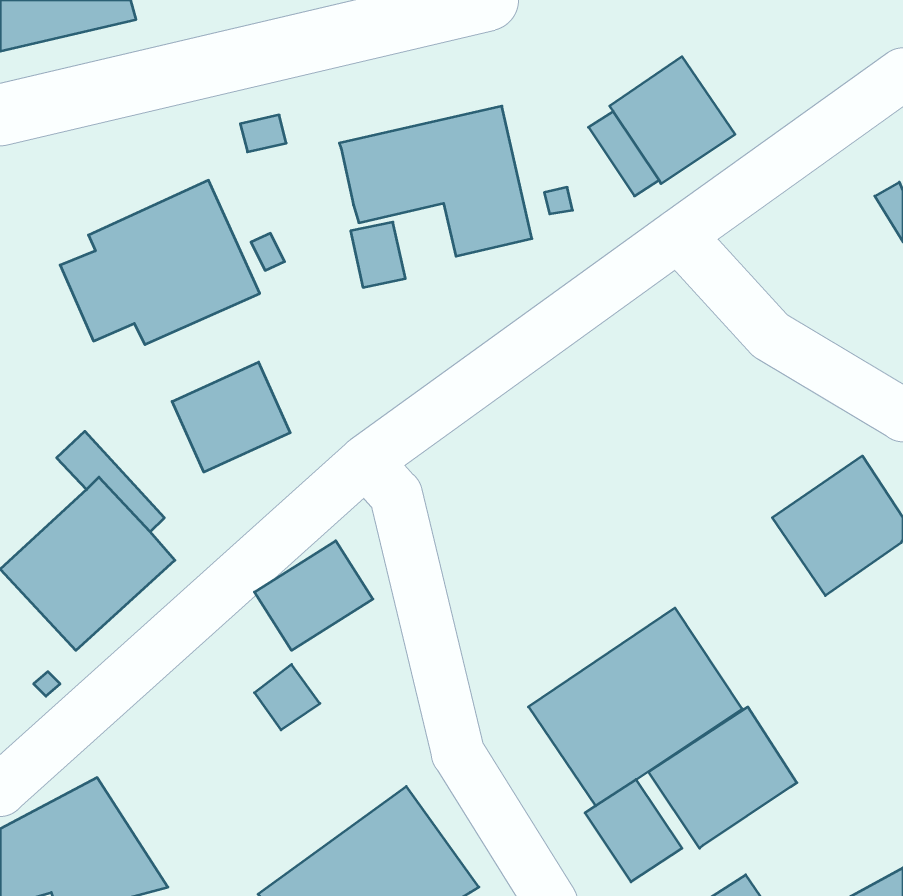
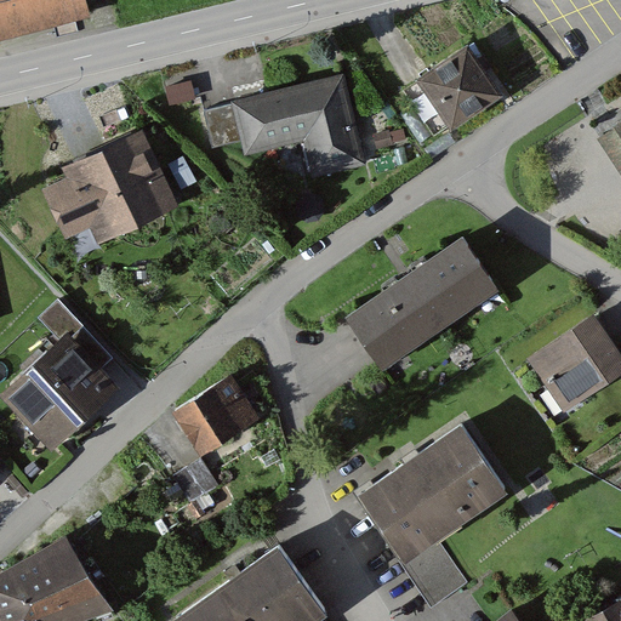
building: [351,222,405,287] -> [205,107,243,152]
building: none -> [347,235,497,368]
building: [172,362,290,472] -> none
building: [649,707,797,848] -> none

